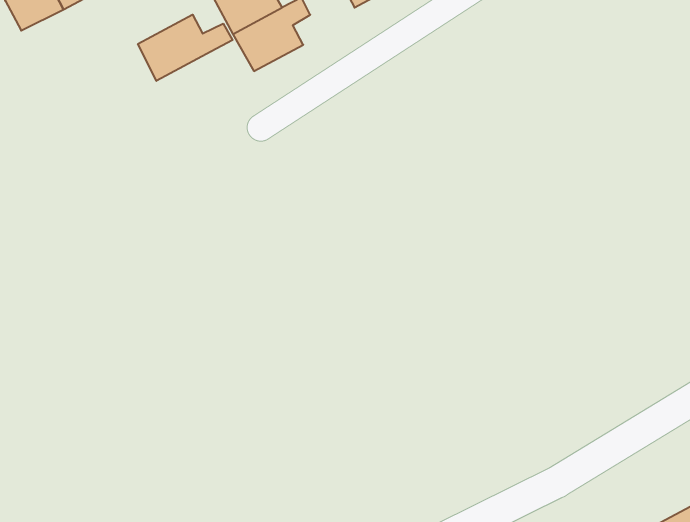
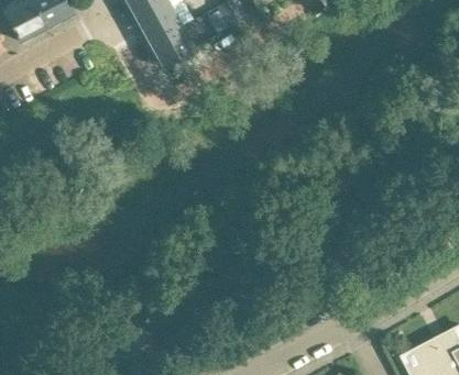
building: [138,15,233,81] -> none

